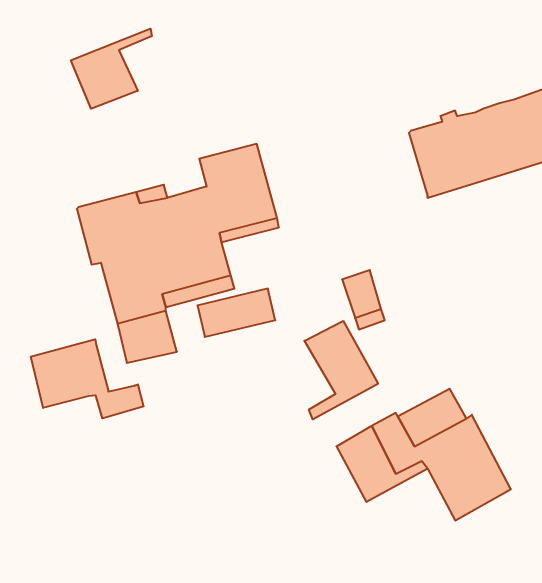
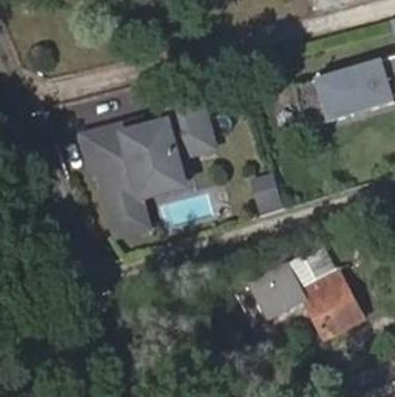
building: [71,29,152,109] -> none
building: [304,321,378,419] -> none
building: [31,339,144,418] -> none

